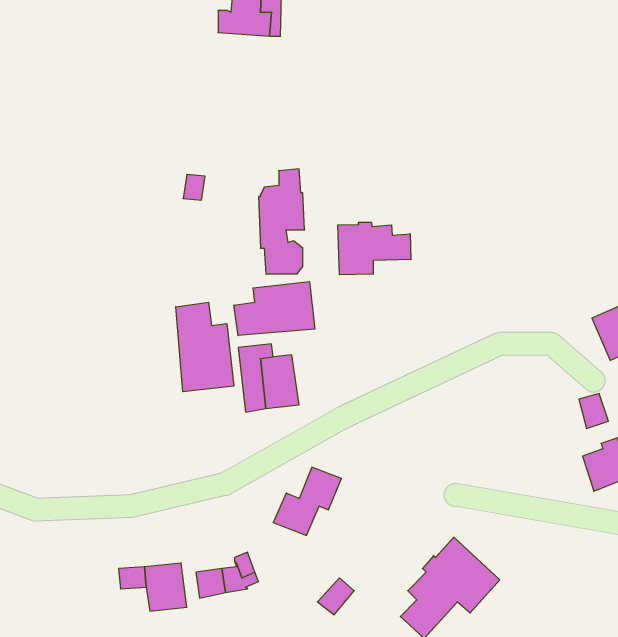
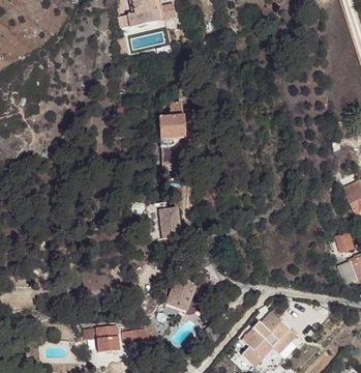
building: [338,222,411,275] -> none
building: [234,282,315,336] -> none
building: [176,302,234,392] -> none

